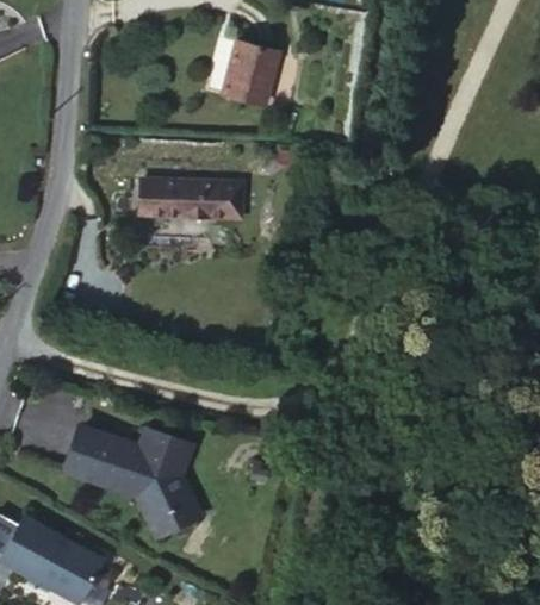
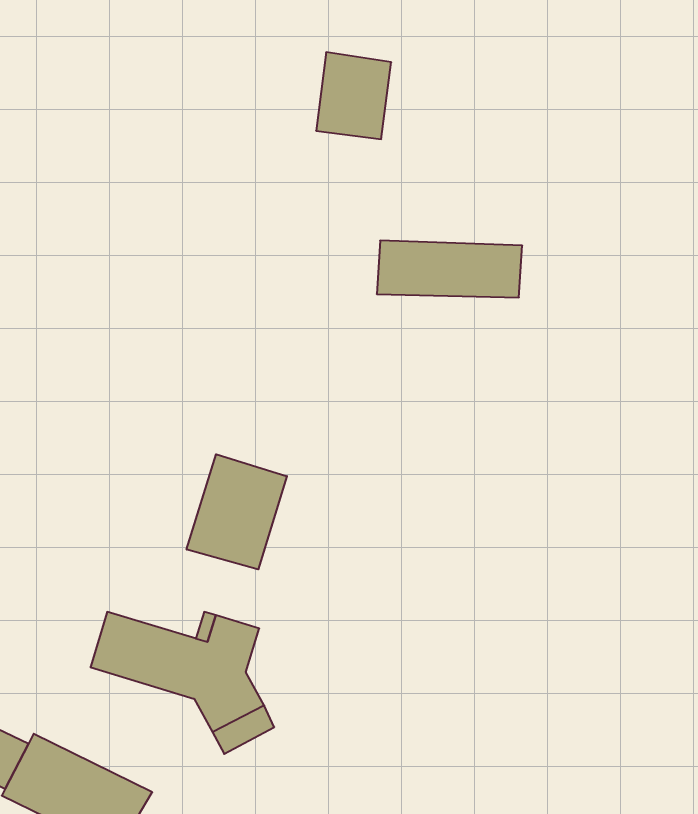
building: [134,187,237,227] -> [377,241,522,297]
building: none -> [187,454,287,569]

